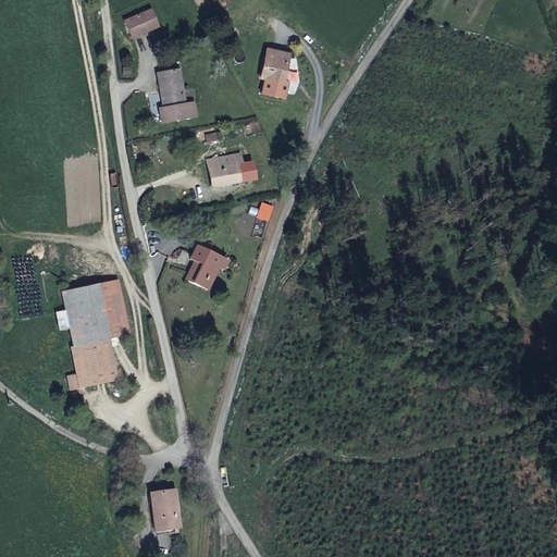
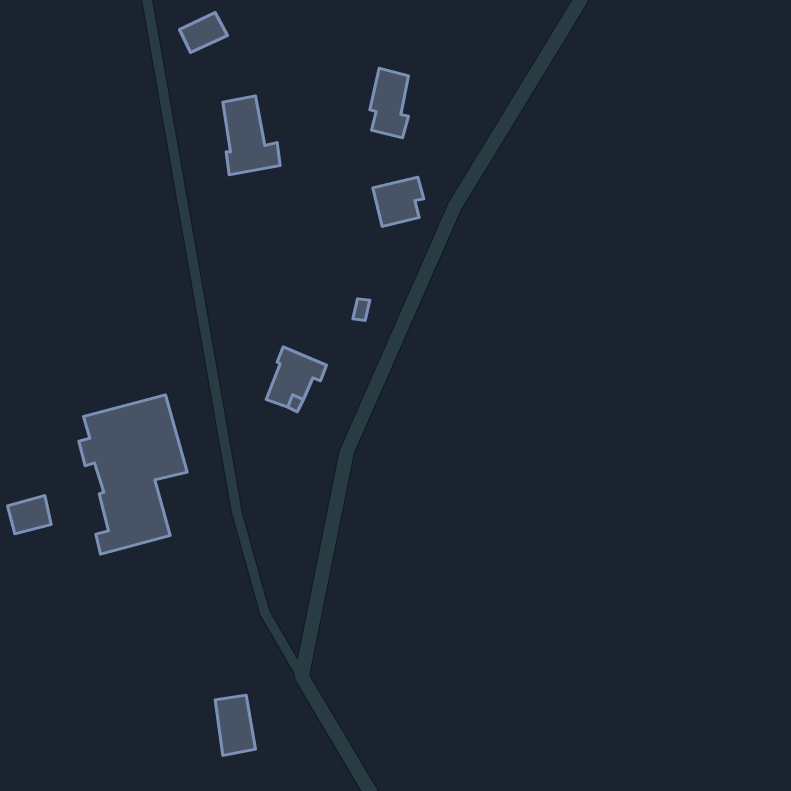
building: [207,153,243,188] -> [373,177,424,227]
building: none -> [7,496,51,534]

